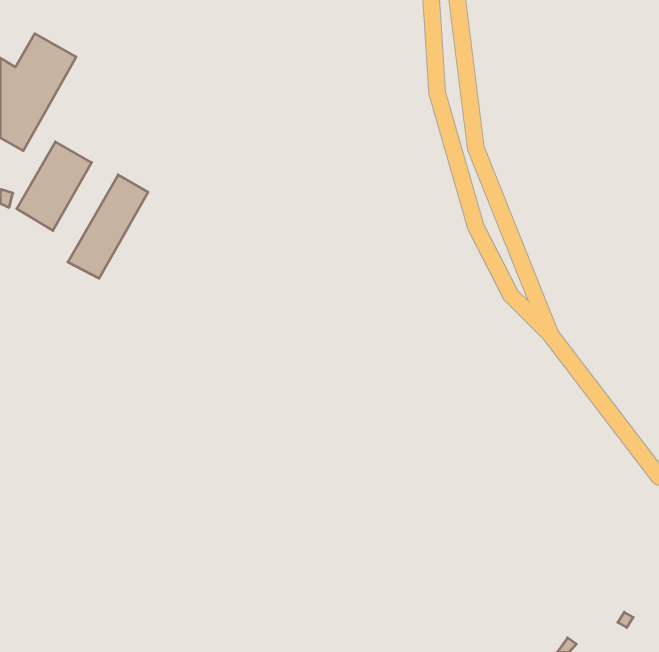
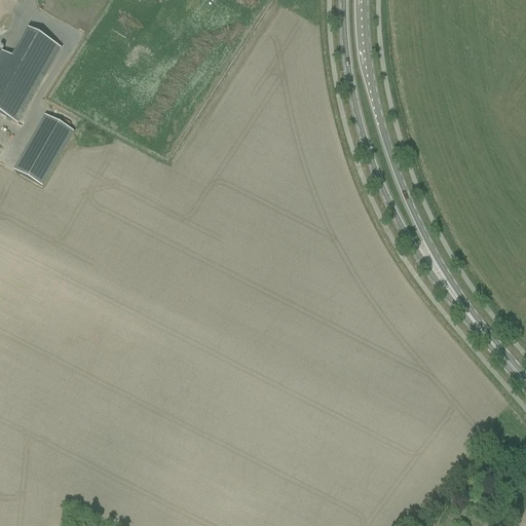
building: [68,175,148,278] -> none

